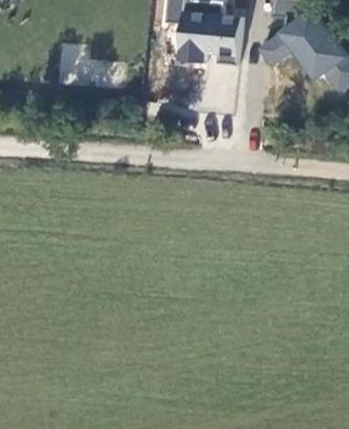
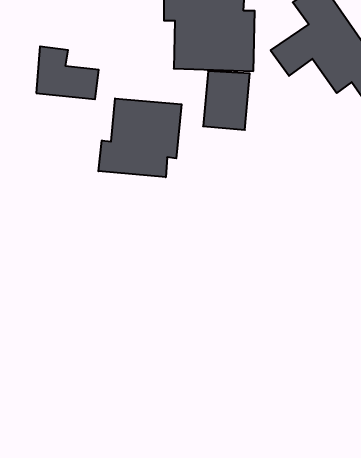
building: none -> [98,98,182,177]

